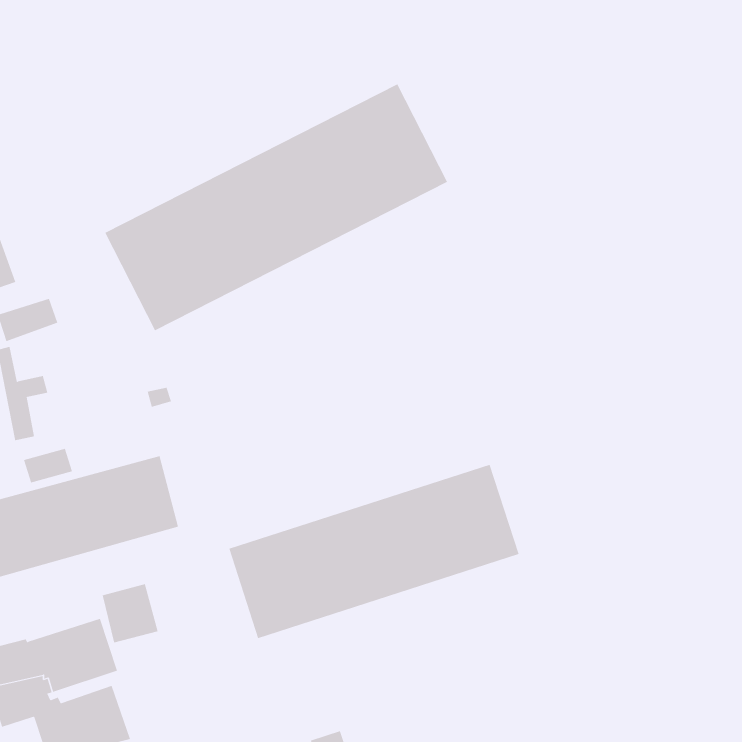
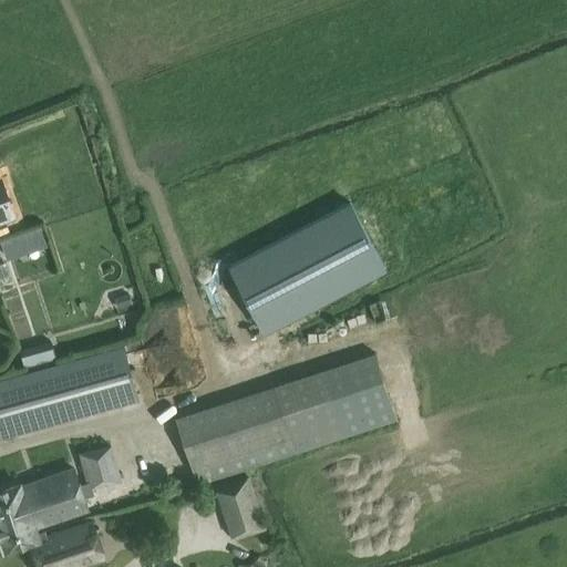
building: [105,83,448,331] -> none
building: none -> [234,203,390,332]
building: none -> [214,476,266,543]

